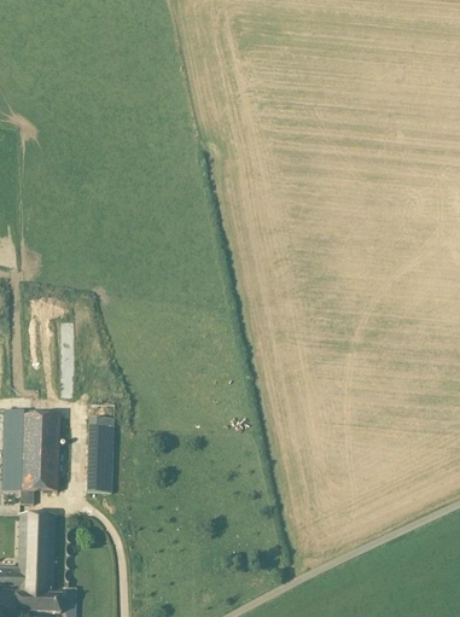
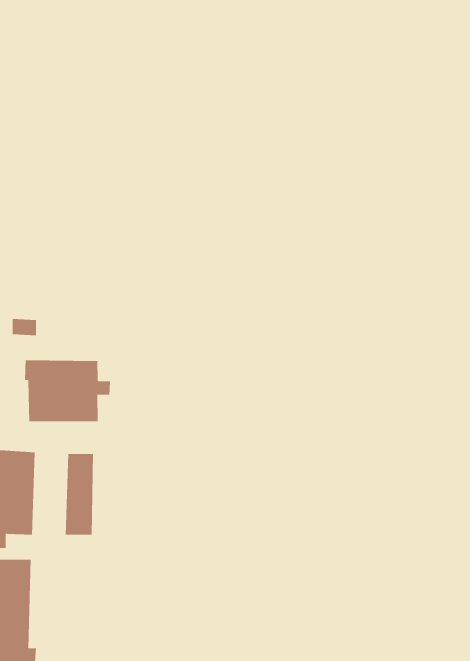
building: none -> [24,359,110,422]

